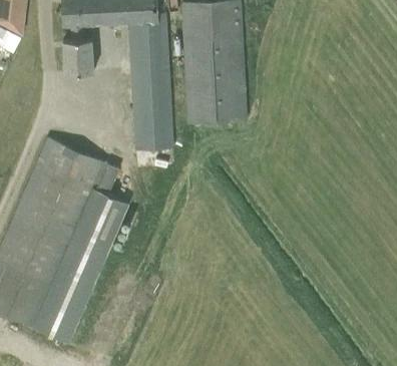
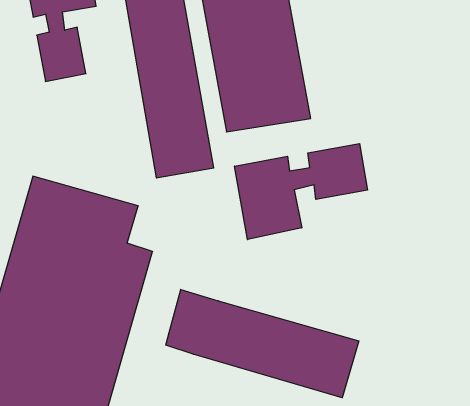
building: none -> [235,144,367,240]
building: none -> [166,289,359,398]

